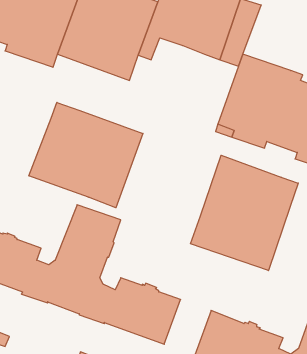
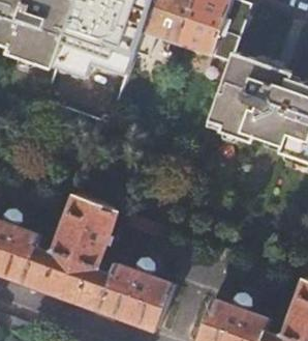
building: [29,102,143,208] -> none
building: [190,155,298,271] -> none

